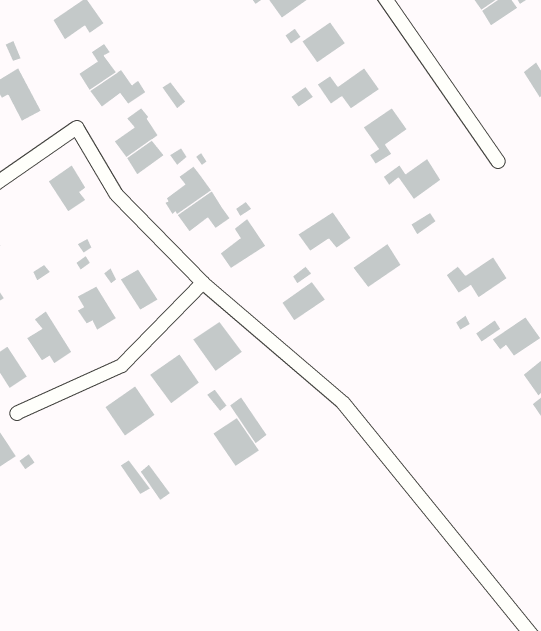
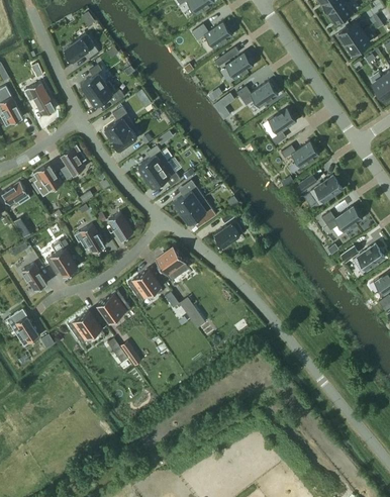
building: none -> [32,164,62,192]
building: [298,212,351,251] -> [180,198,215,224]
building: [352,243,402,288] -> [309,176,342,205]
building: [212,417,260,467] -> none
building: none -> [68,311,101,344]

